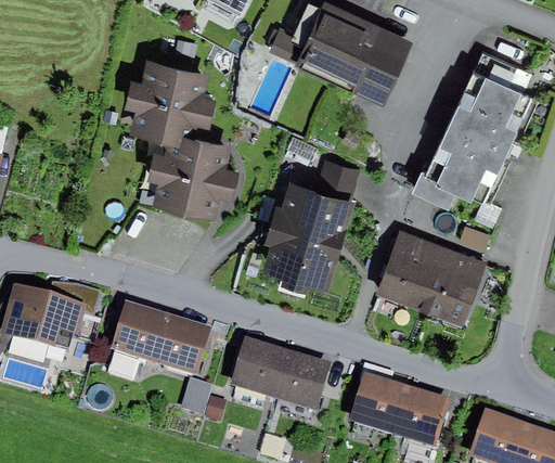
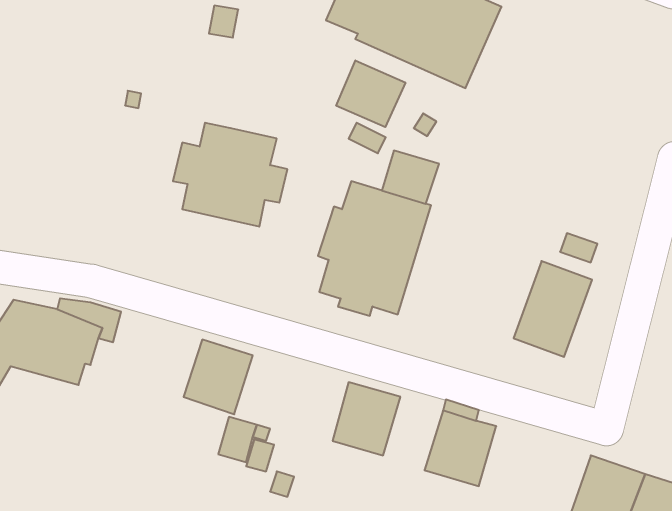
building: [409,55,531,214] -> none
building: [125,62,217,141] -> none
building: none -> [336,60,405,127]
building: [378,233,444,312] -> none
building: [107,301,168,377] -> none
building: [230,335,287,396] -> none
building: [393,384,449,445] -> none

